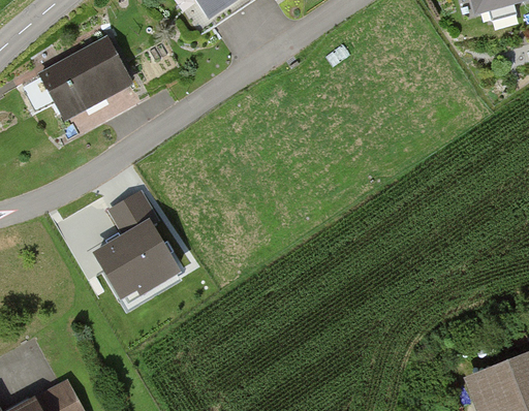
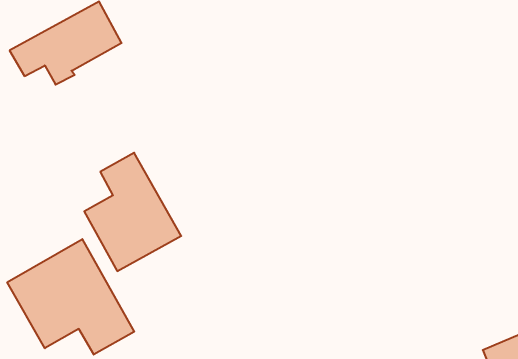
building: none -> [7,239,134,355]

